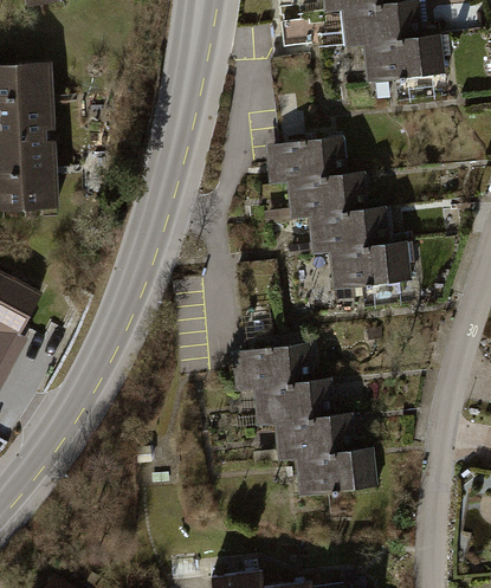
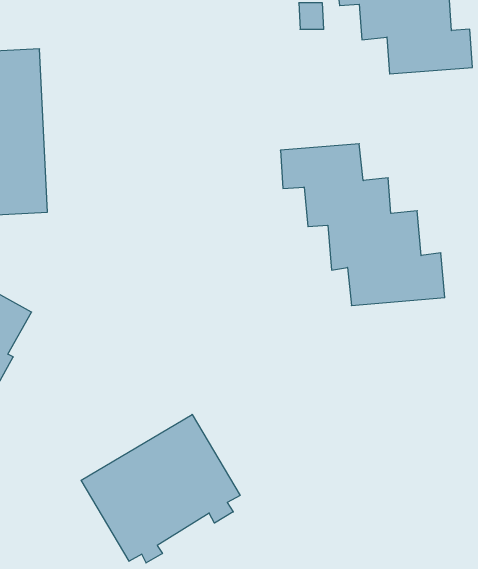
building: [240,348,377,498] -> none
building: none -> [81,414,240,563]

